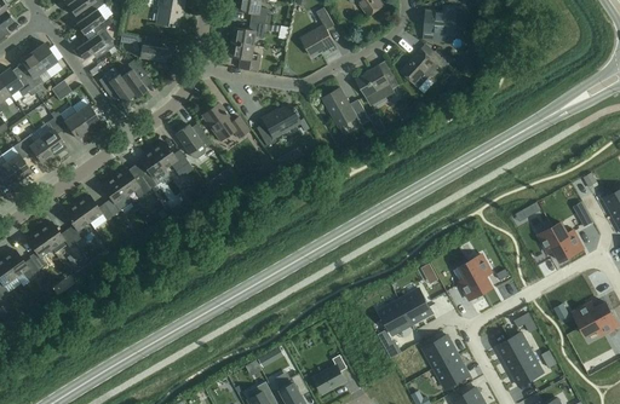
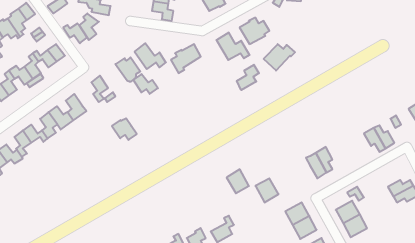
building: [401,50,447,88] -> [264,44,295,71]
building: none -> [237,65,259,90]
building: [151,142,188,171] -> [133,74,158,94]
building: [114,166,150,197] -> [112,118,137,140]
building: [400,288,432,323] -> [227,169,249,193]

